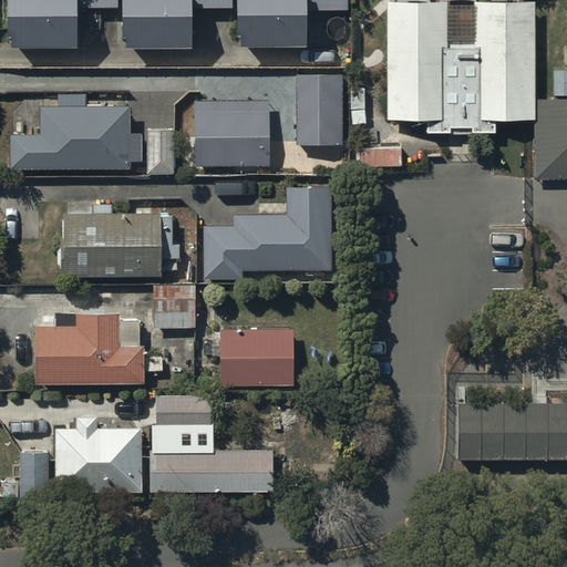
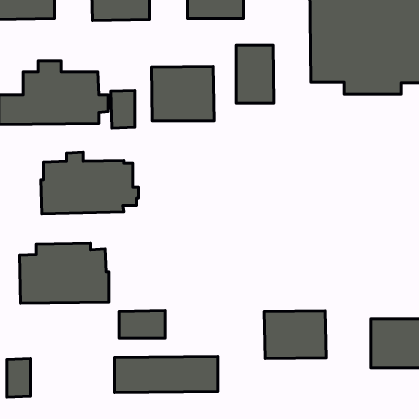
building: [204,187,331,279] -> none
building: [154,285,196,328] -> none
building: [220,329,295,386] -> [264,311,326,359]
building: [56,416,142,494] -> none

